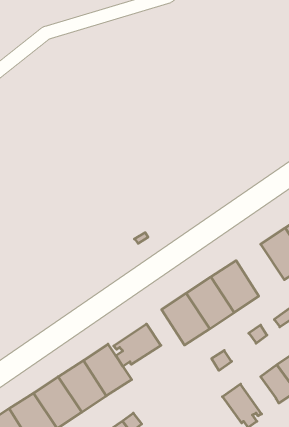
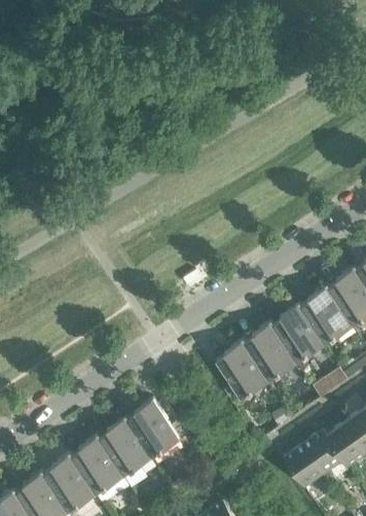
building: none -> [298,286,353,345]
building: [114,324,161,366] -> none
building: none -> [303,432,343,479]

